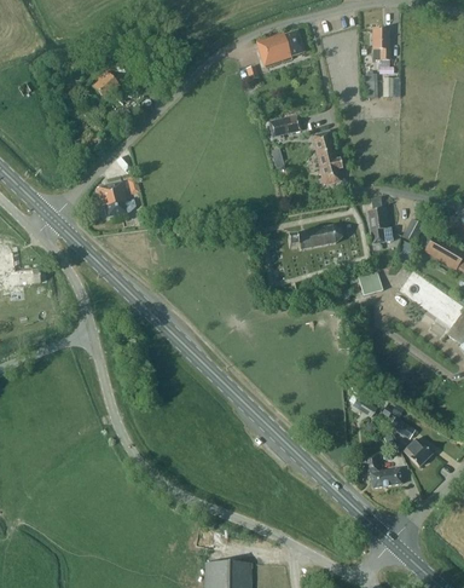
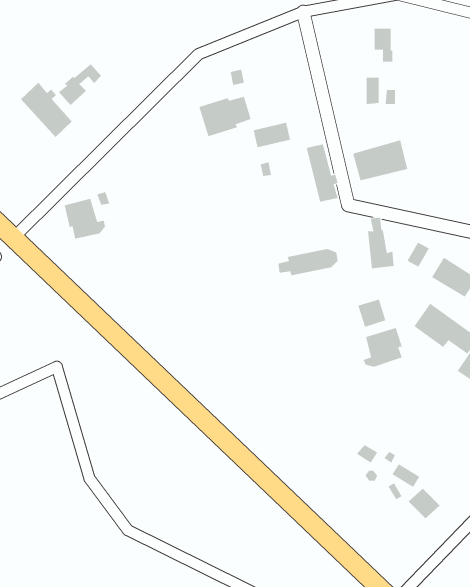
building: [257,30,304,67] -> [198,96,251,137]
building: none -> [20,82,73,138]
building: none -> [352,140,408,181]
building: none -> [363,327,402,367]
building: [365,451,402,488] -> none

